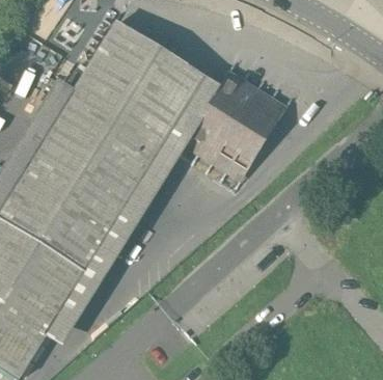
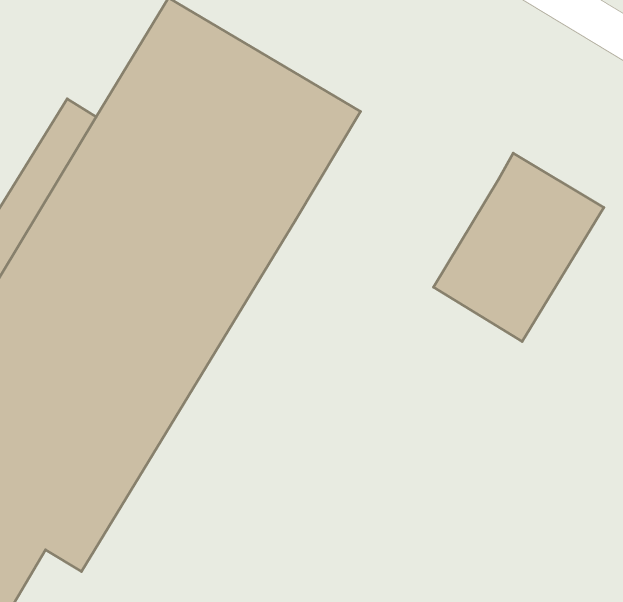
building: [188,74,285,182] -> [434,153,604,342]

